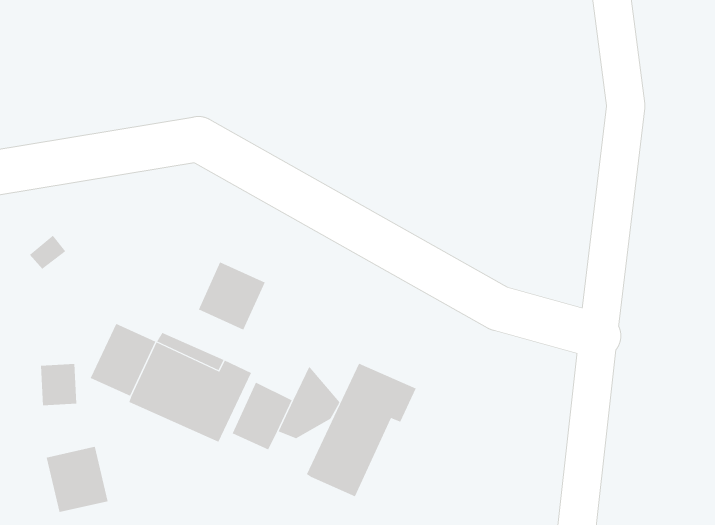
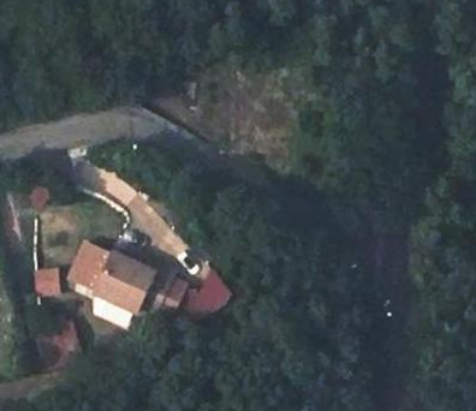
building: [198,261,265,331] -> none
building: [306,363,417,497] -> none

